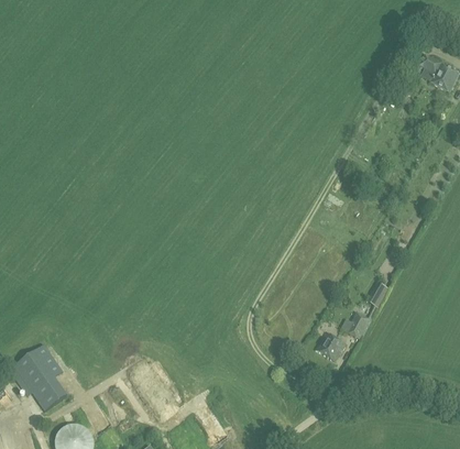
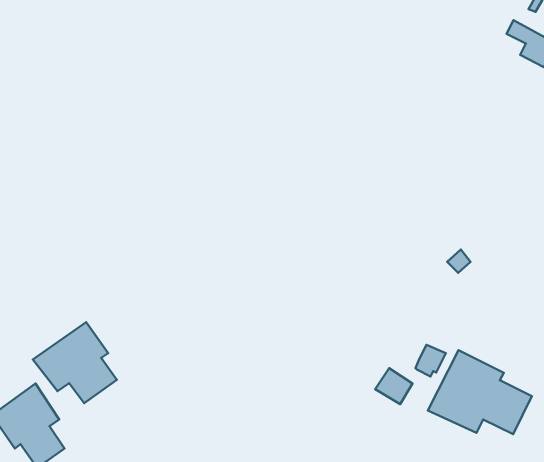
building: none -> [33,322,117,403]
building: none -> [428,350,532,434]

